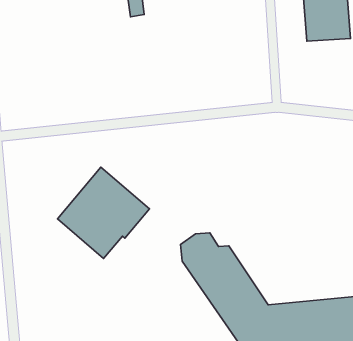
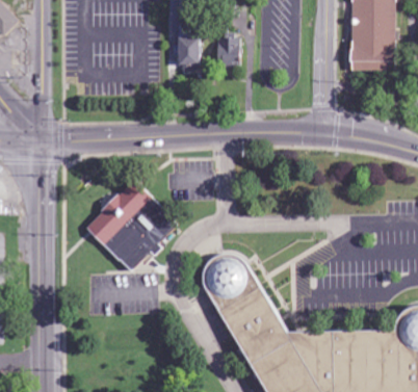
building: none -> [211,37,239,67]
building: none -> [178,40,199,74]

